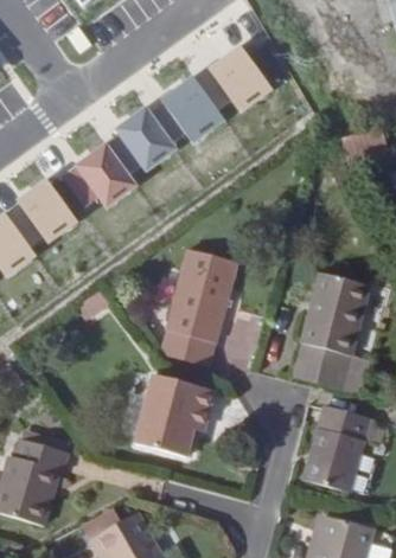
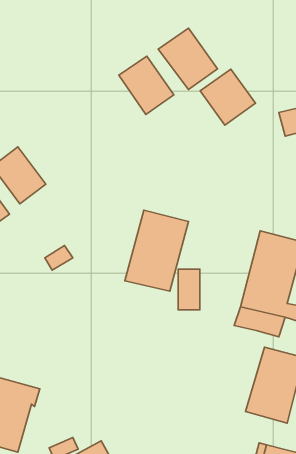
building: none -> [200,69,255,125]
building: [114,105,174,169] -> none
building: [74,140,136,206] -> none
building: [159,329,217,368] -> none
building: [135,373,213,456] -> none

